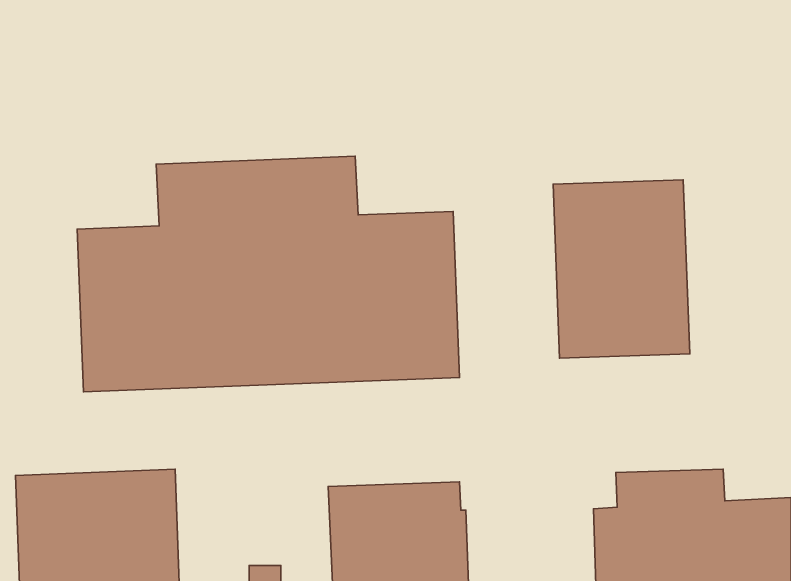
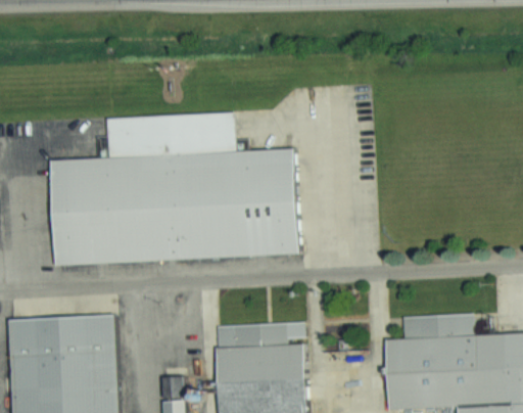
building: [553,180,690,358] -> none

